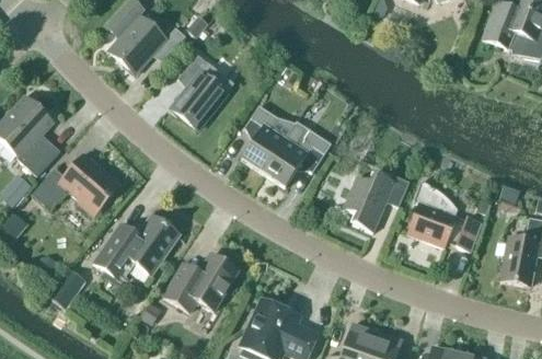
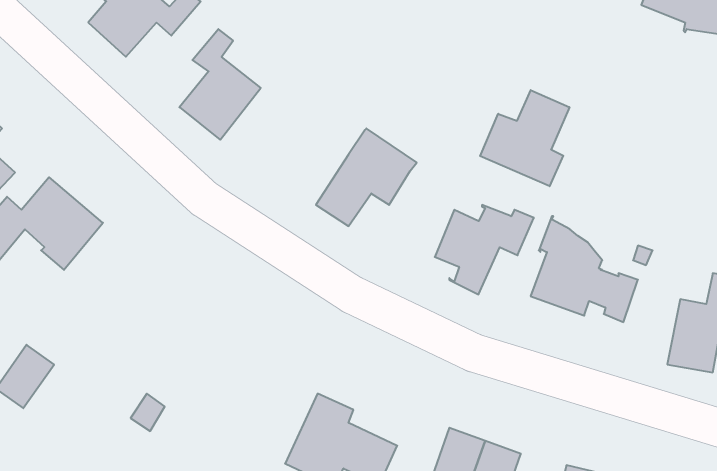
building: none -> [480,90,569,186]
building: [242,104,297,172] -> none
building: [94,213,181,281] -> none
building: [164,253,239,311] -> none

